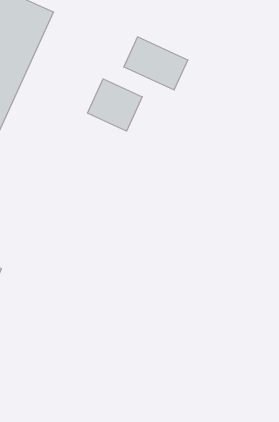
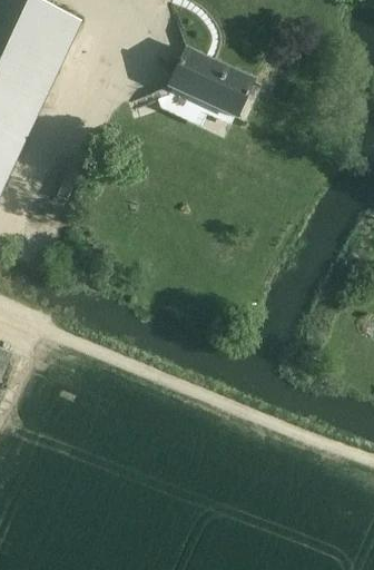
building: [87,79,142,131] -> none

